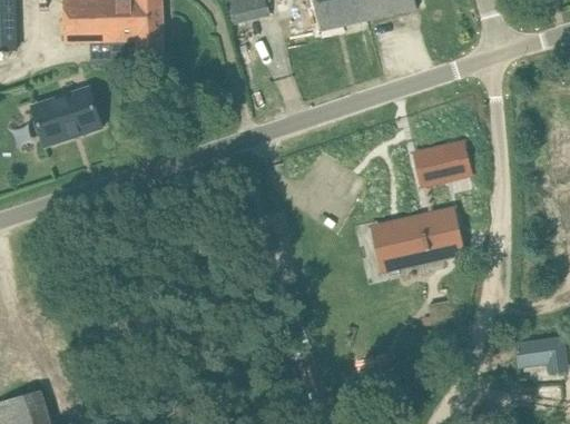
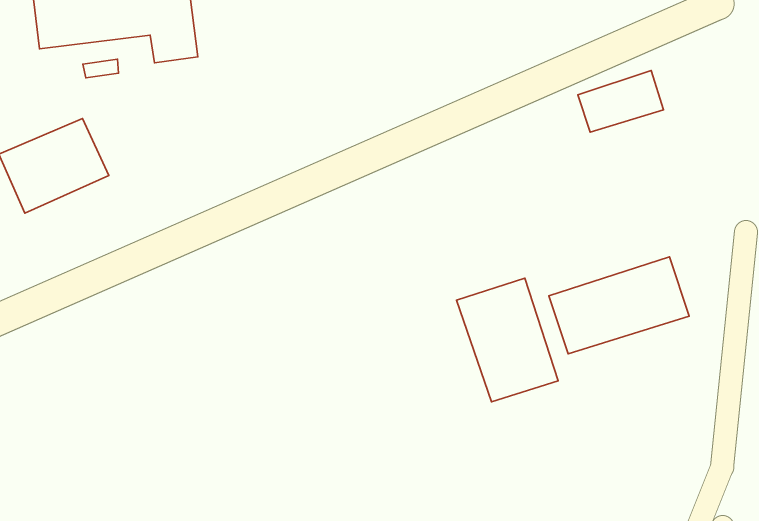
building: [414,145,468,180] -> [578,71,663,132]
building: none -> [456,278,558,402]

